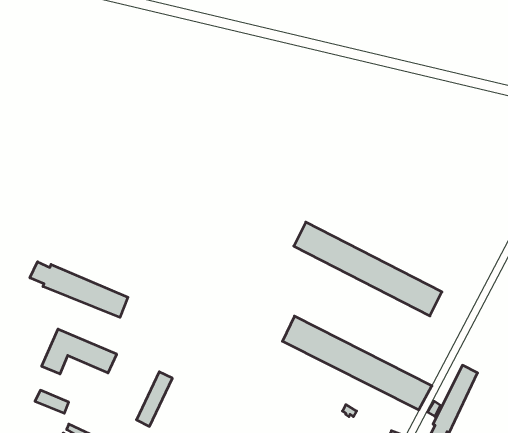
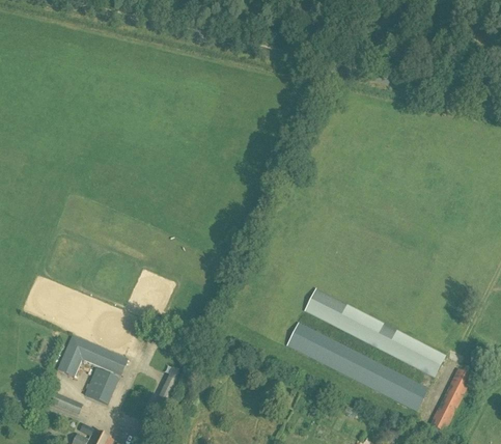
building: [294,222,442,316] -> [303,288,444,378]
building: [30,262,128,317] -> none
building: none -> [84,370,118,406]

